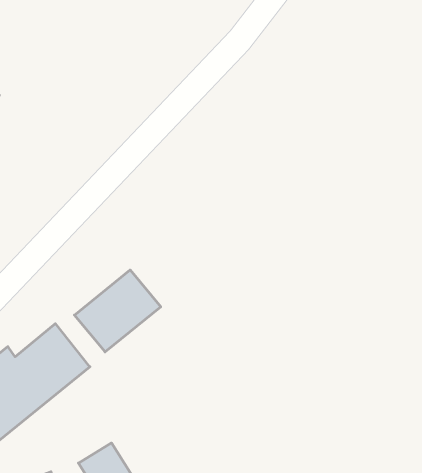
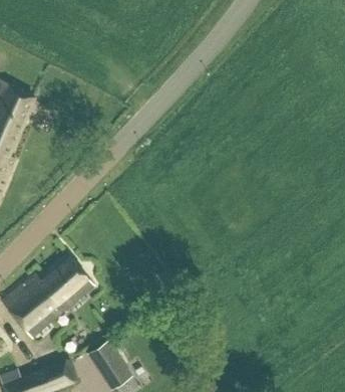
building: [74,270,161,352] -> none

